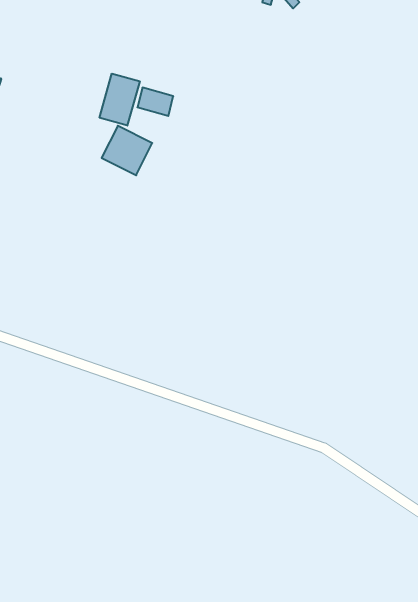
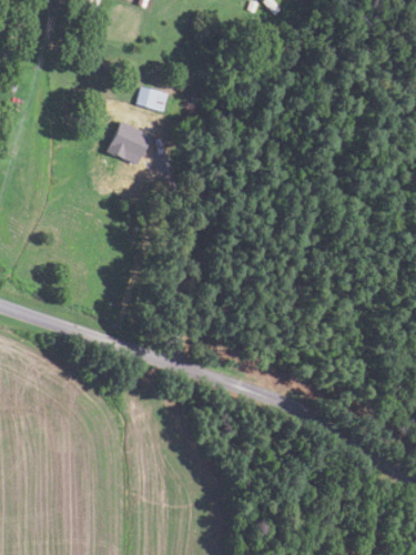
building: [100,74,140,126] -> none

